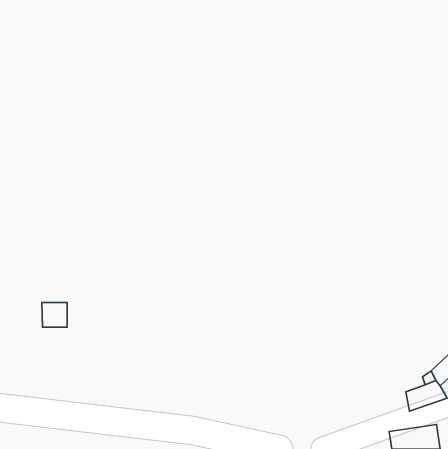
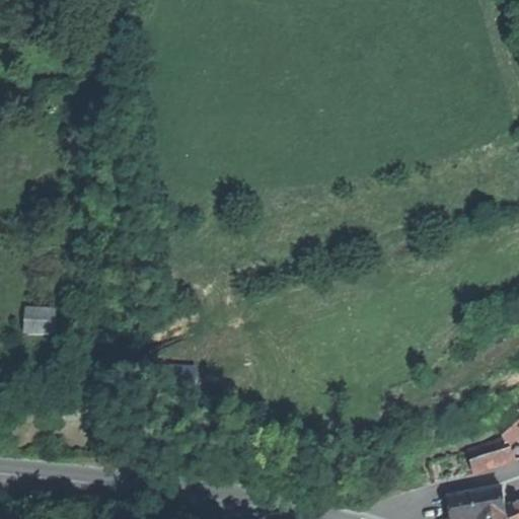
building: [42,303,67,327] -> [24,306,54,335]

